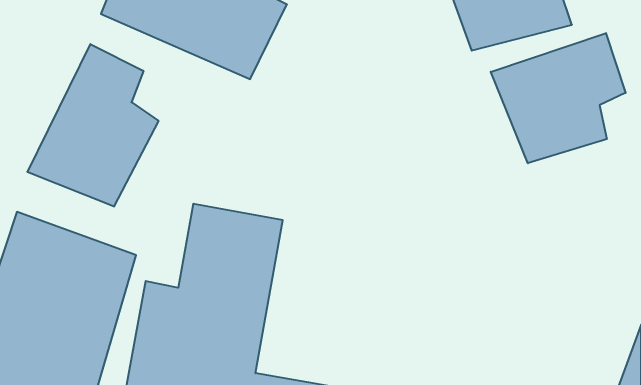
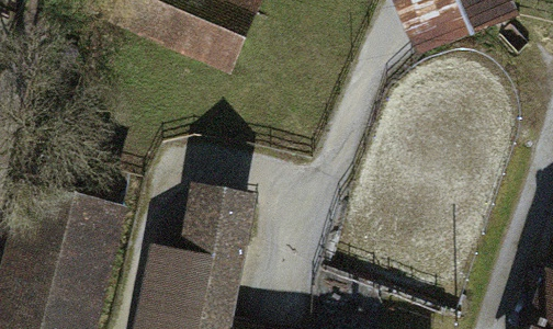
building: [491,33,626,163] -> none
building: [27,44,158,207] -> none

